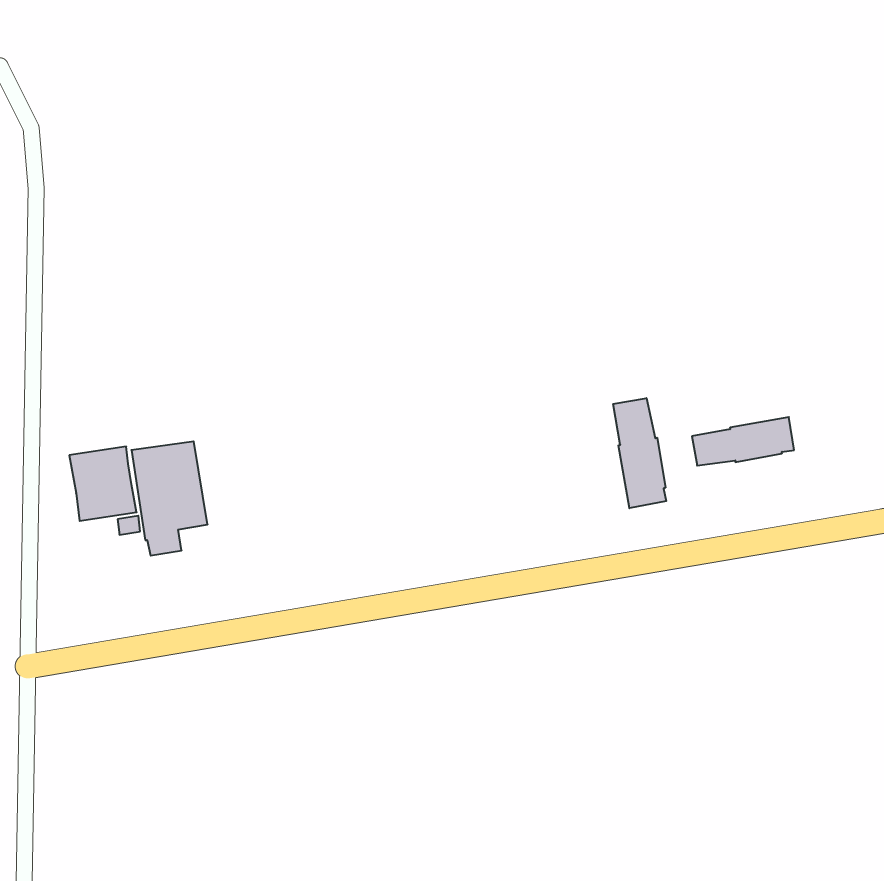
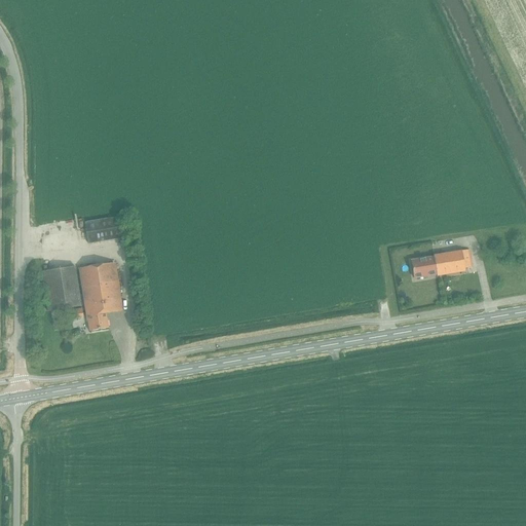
building: none -> [84,216,121,242]
building: [613,398,666,508] -> none

